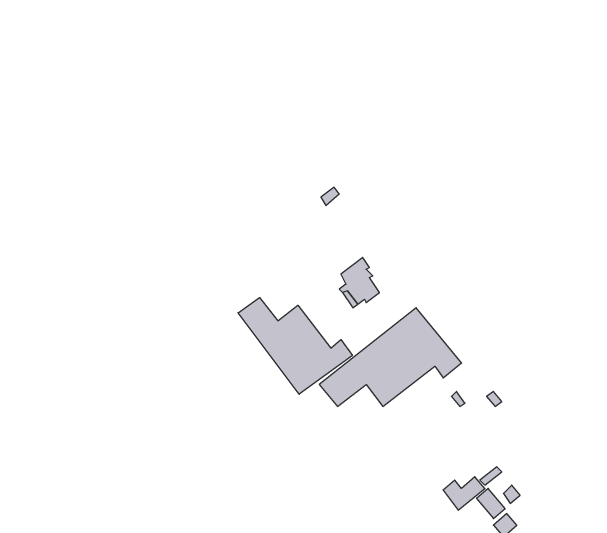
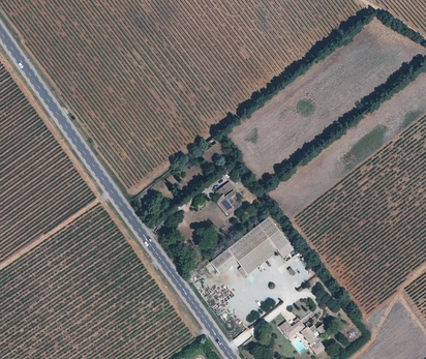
building: [238,298,352,394] -> none

